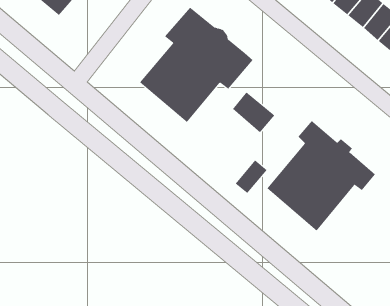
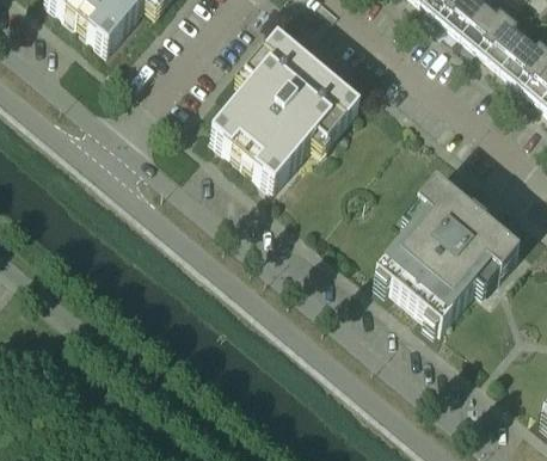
building: [232,91,275,133] -> none
building: [235,159,268,194] -> none

